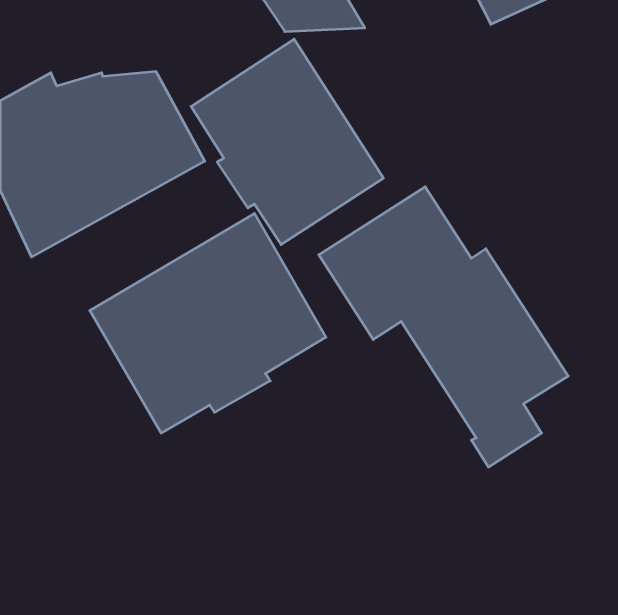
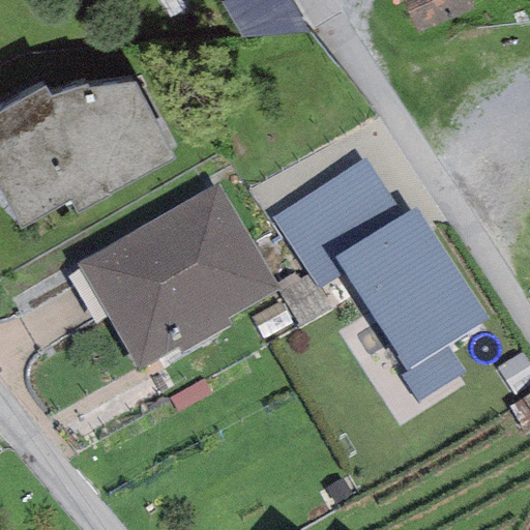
building: [191,39,383,245] -> none

